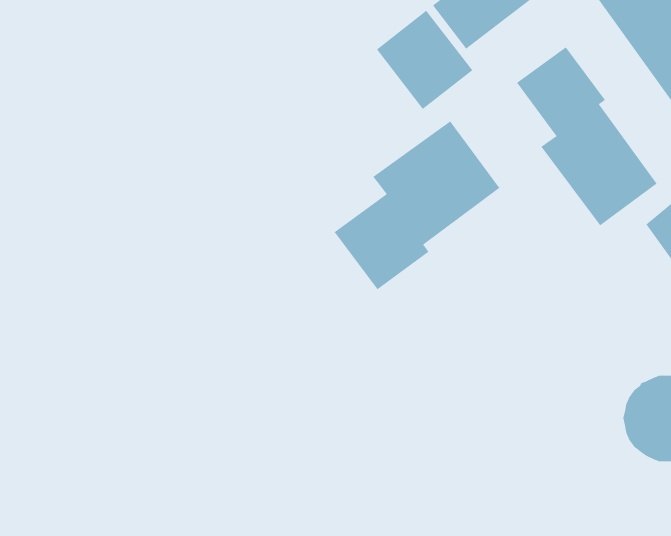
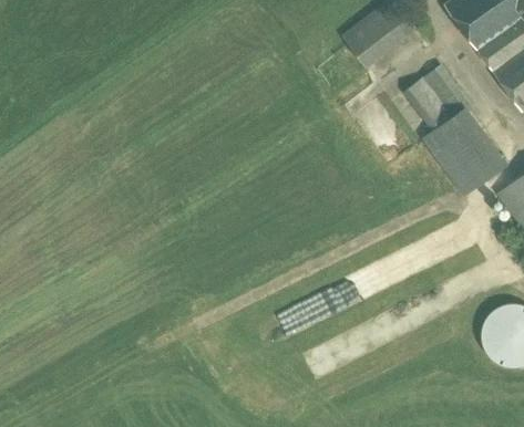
building: [376,10,473,110] -> none
building: [334,121,500,290] -> none

